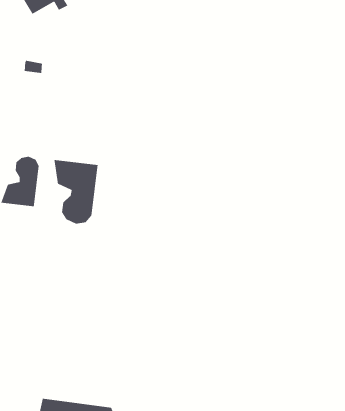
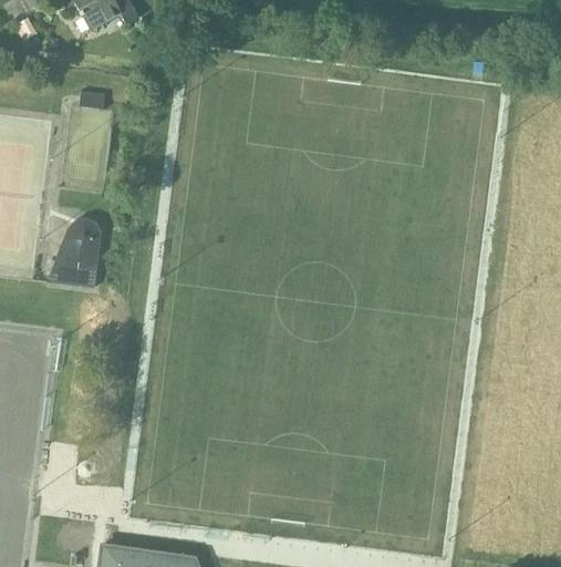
building: [54,159,98,224] -> none

